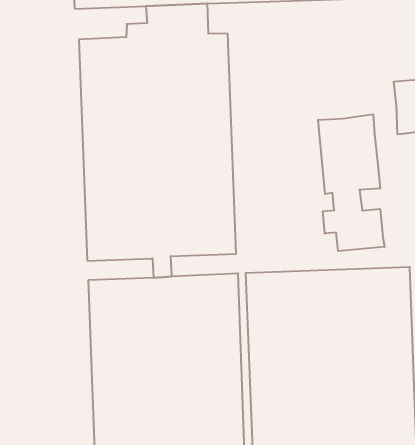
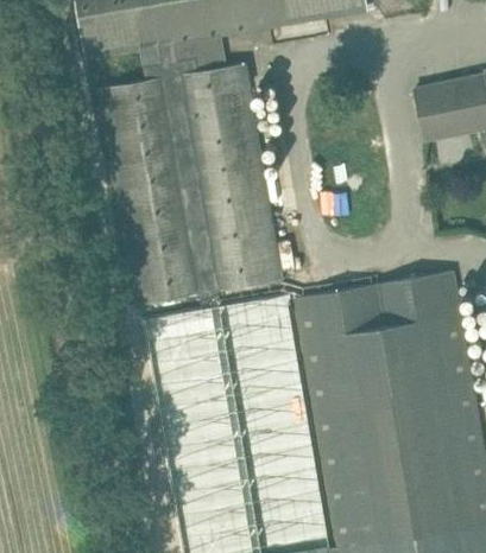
building: [318,114,385,251] -> none

